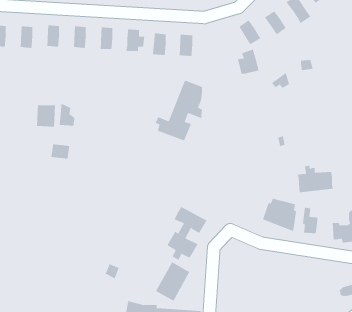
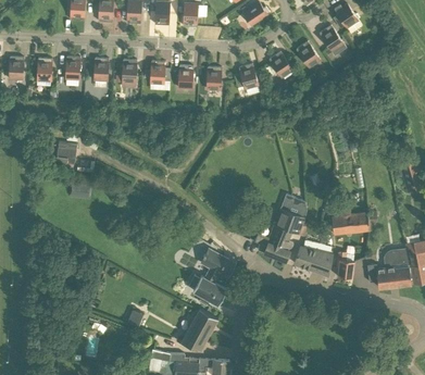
building: [237,49,260,75] -> [234,63,258,90]
building: [155,80,203,141] -> [254,196,305,261]

